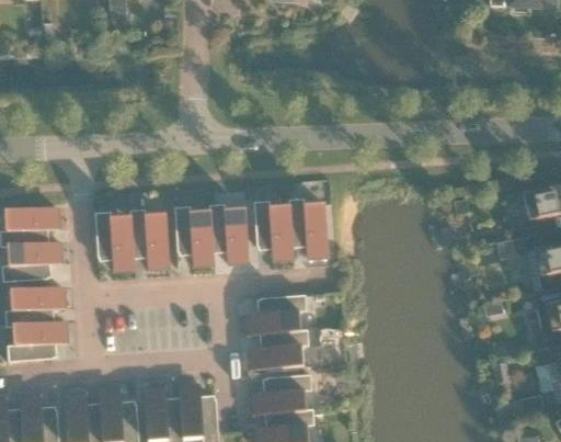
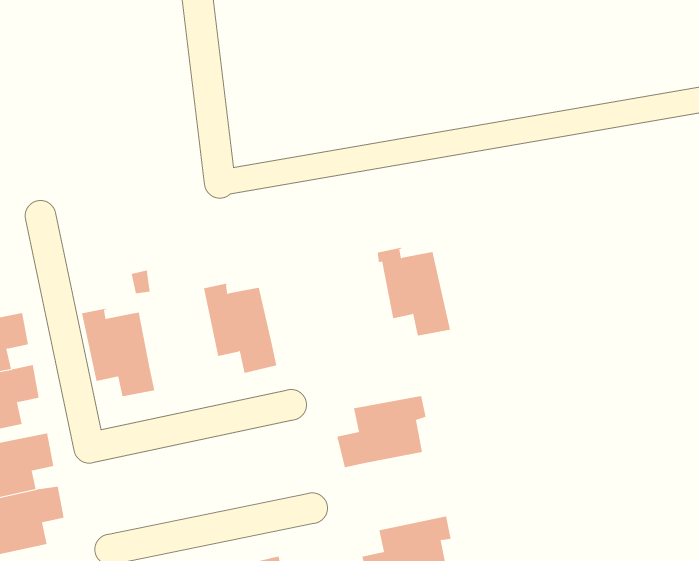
building: [254,201,295,260] -> none
building: [209,204,250,262] -> none
building: [130,208,170,268] -> none
building: [251,329,309,370] -> none

